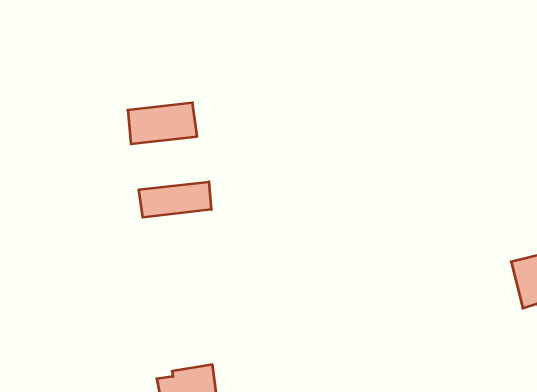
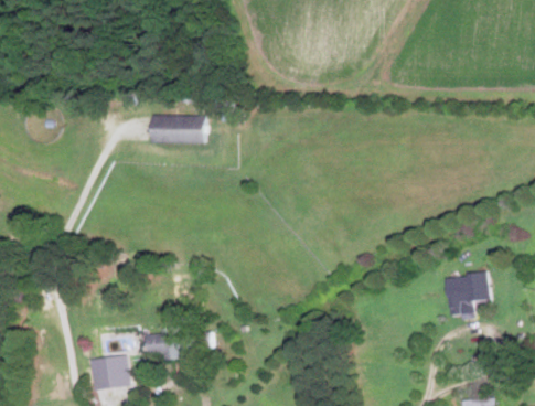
building: [139,182,211,217] -> none

